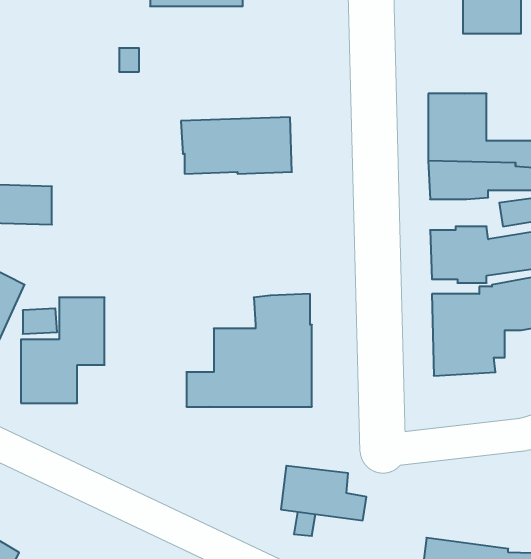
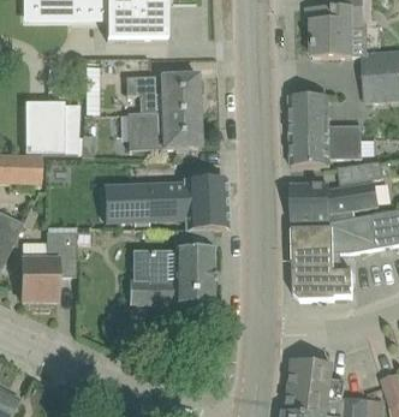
building: none -> [126,75,198,114]
building: none -> [29,102,83,155]
building: none -> [102,180,226,230]
building: none -> [293,270,352,300]
building: [281,466,366,520] -> [288,361,345,397]

